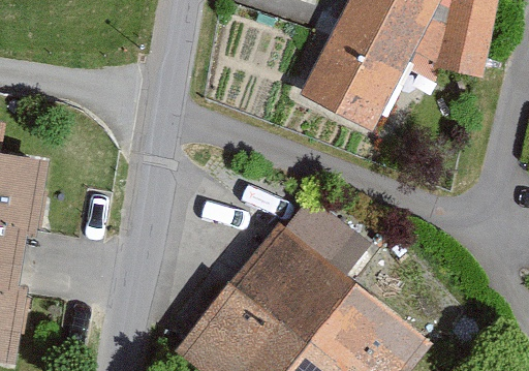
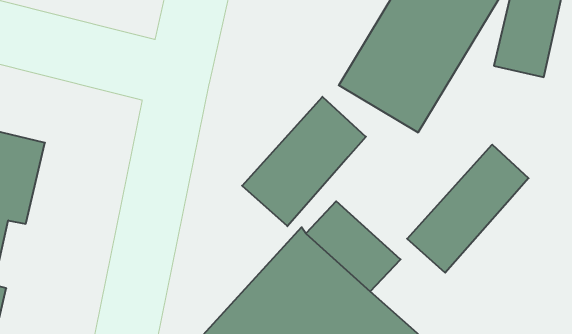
building: none -> [242,97,366,226]
building: none -> [407,145,529,273]

